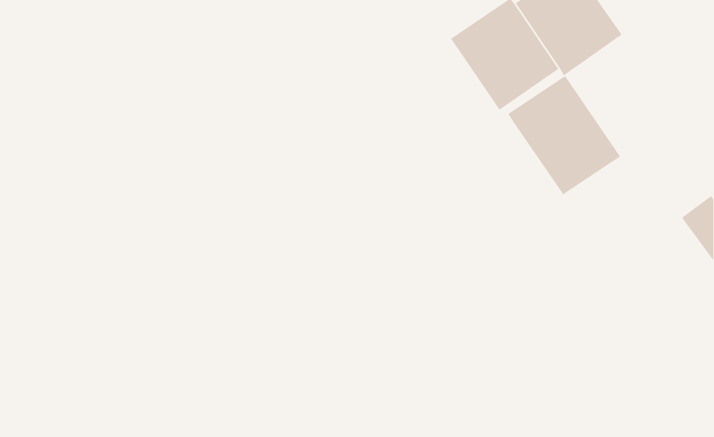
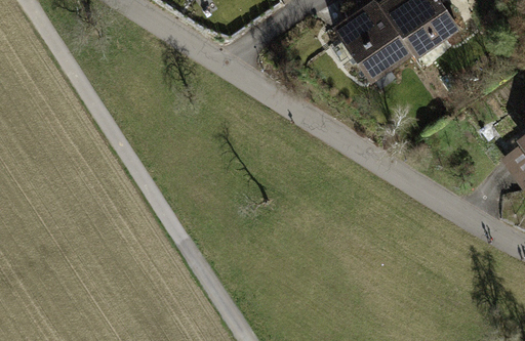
building: [508,75,621,195] -> none

